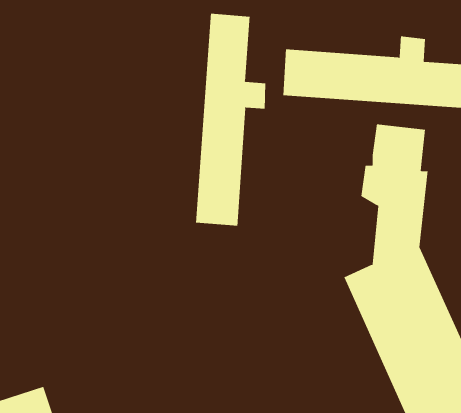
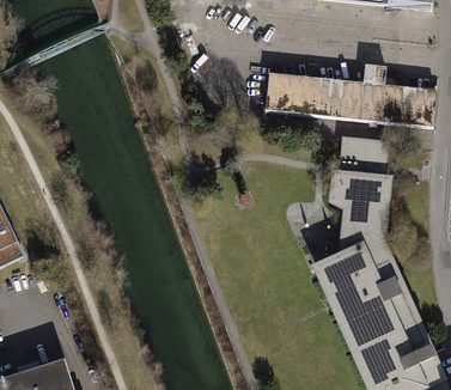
building: [196,13,266,226] -> none

